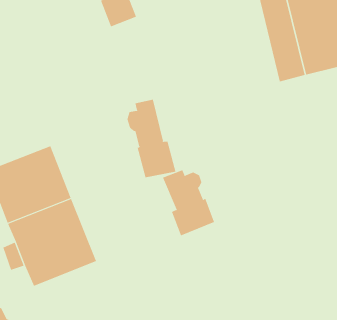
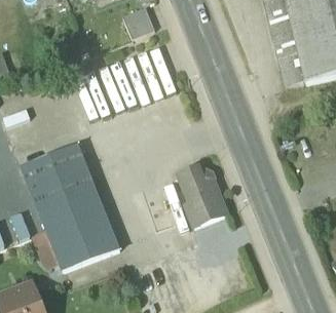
building: [127,99,176,178] -> none

